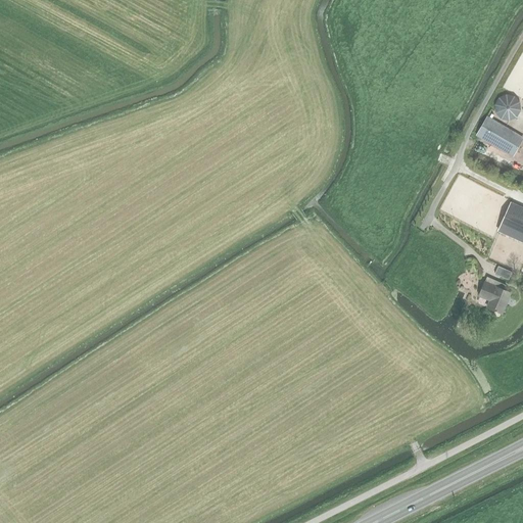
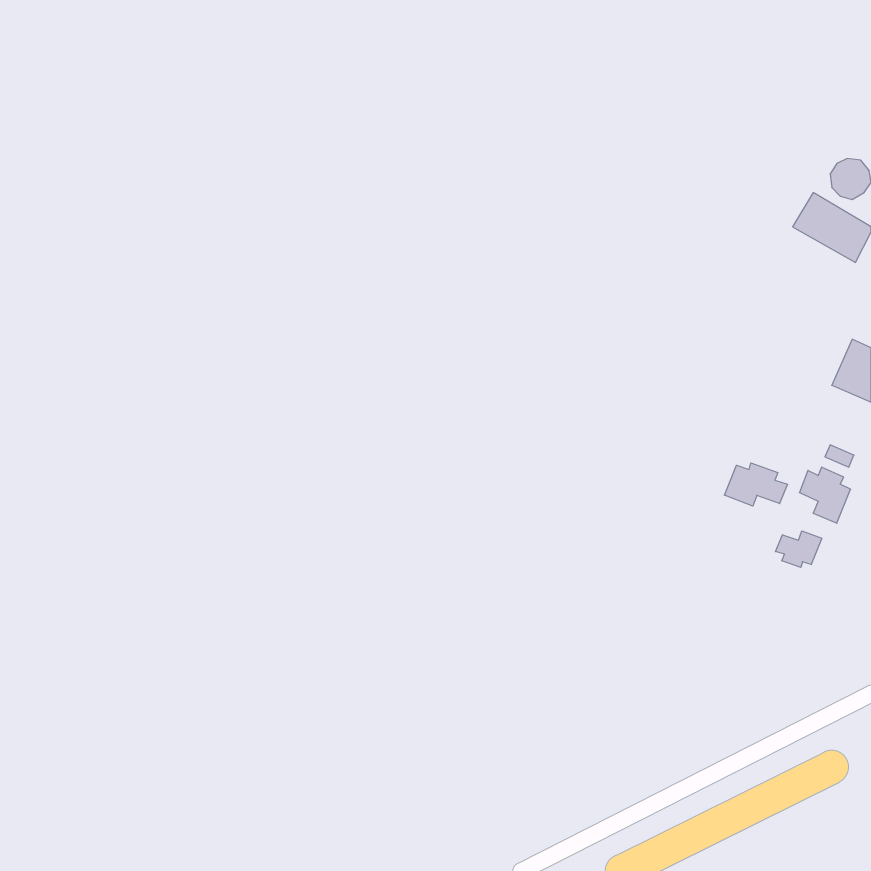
building: none -> [724,463,788,506]
building: none -> [776,531,822,567]

